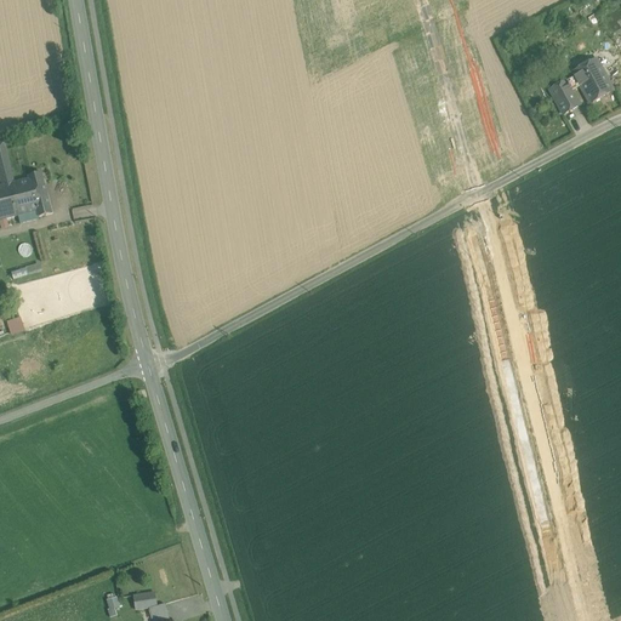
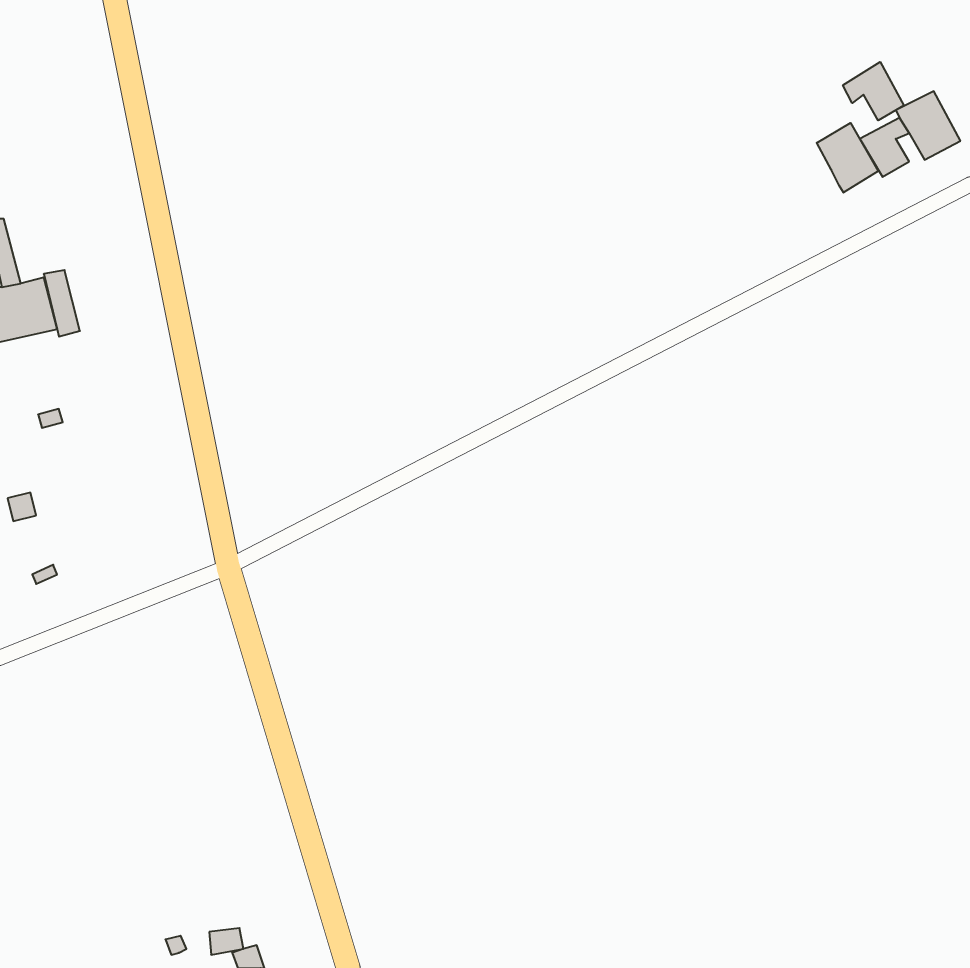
building: none -> [843,62,904,120]
building: none -> [817,123,878,193]

